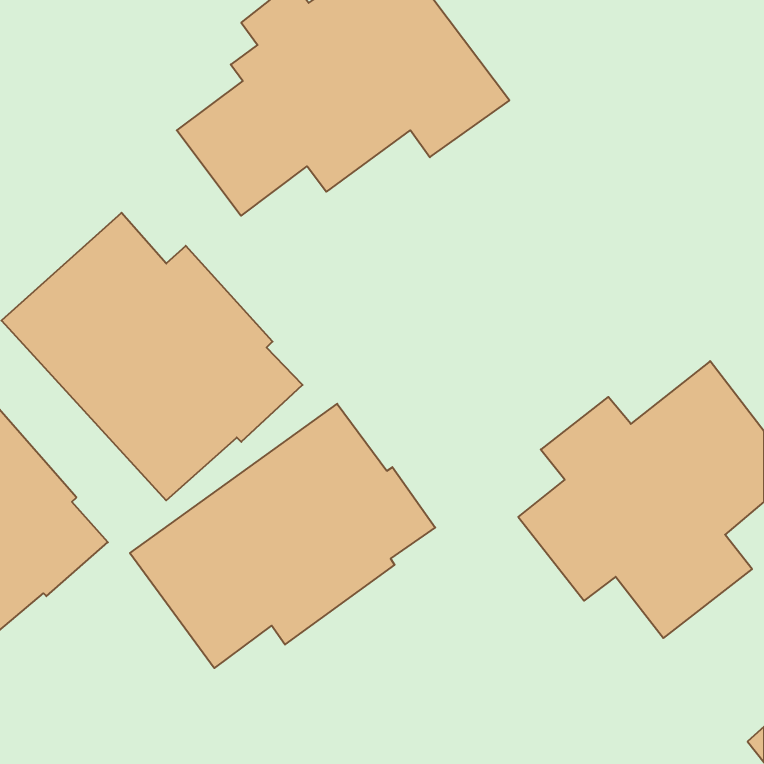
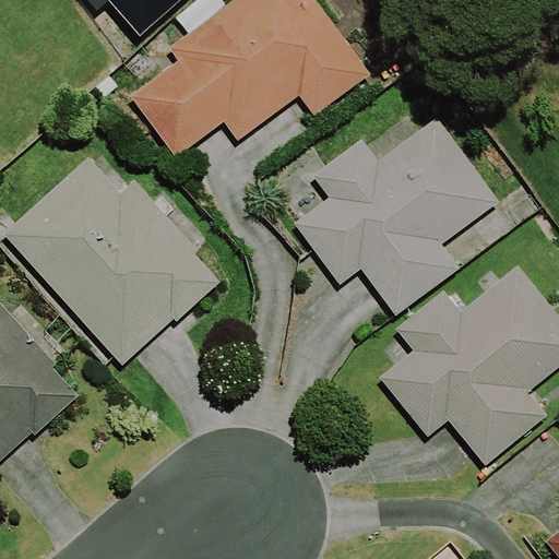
building: none -> [293,116,499,314]
building: [130,404,435,668] -> none

